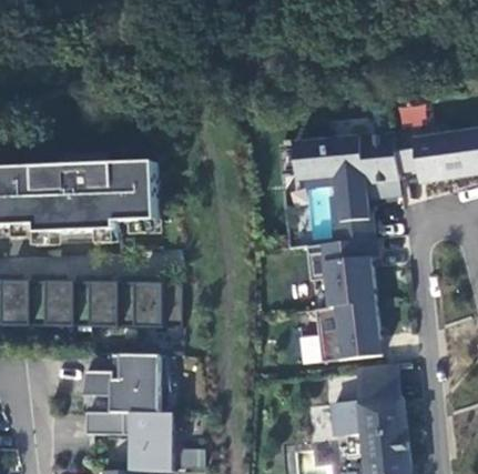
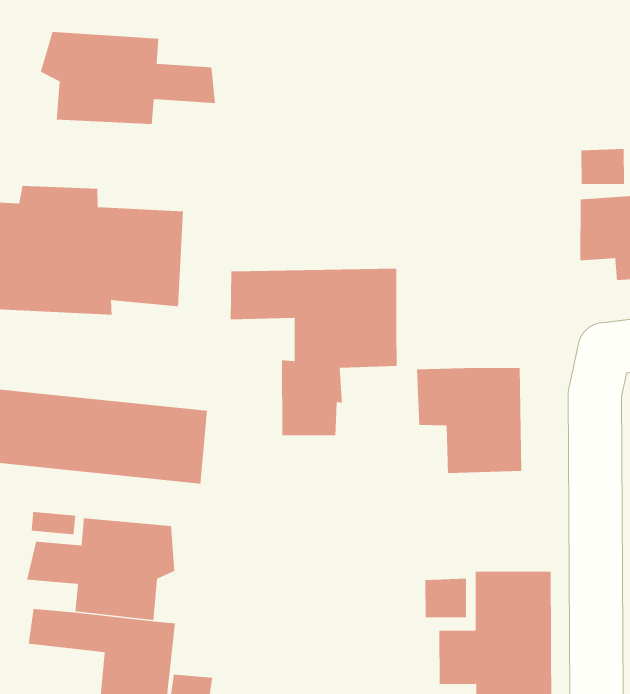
building: none -> [40,31,216,125]
building: [295,133,401,242] -> [230,268,397,436]
building: [315,302,382,361] -> none

